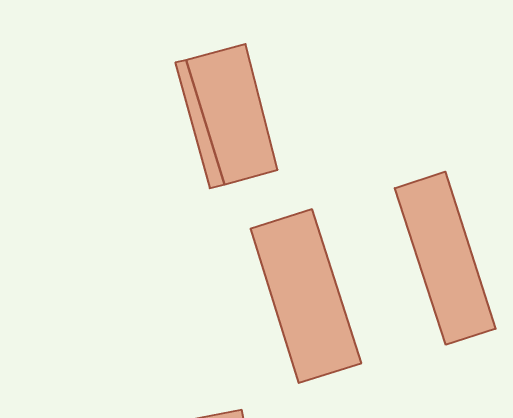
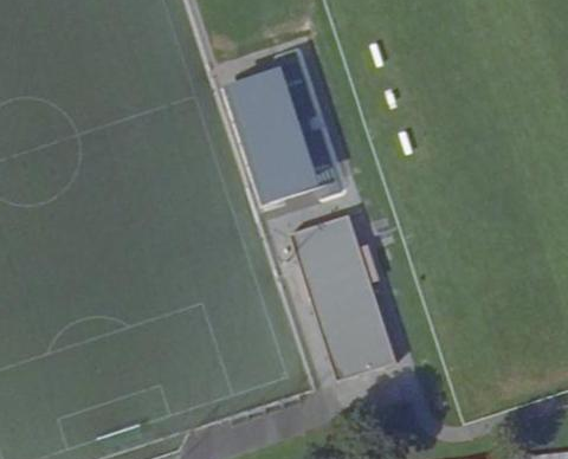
building: [395,172,496,345] -> none

